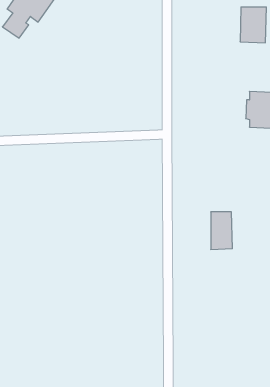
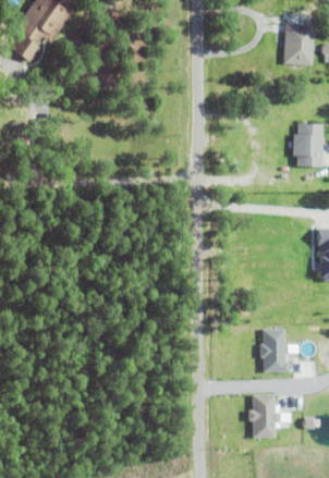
building: [211,212,232,249] -> [263,330,288,373]
building: none -> [252,395,279,440]

